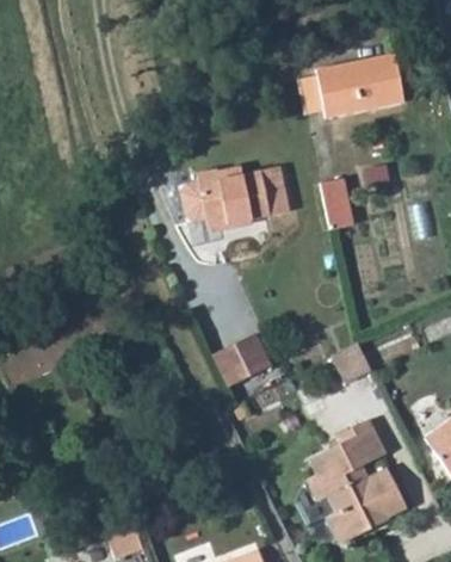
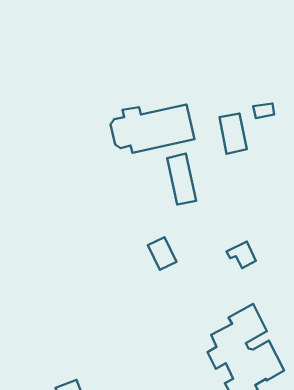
building: [319,50,407,117] -> none
building: none -> [167,154,196,204]

